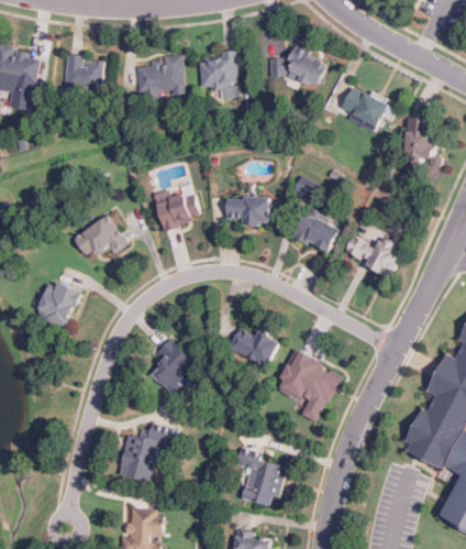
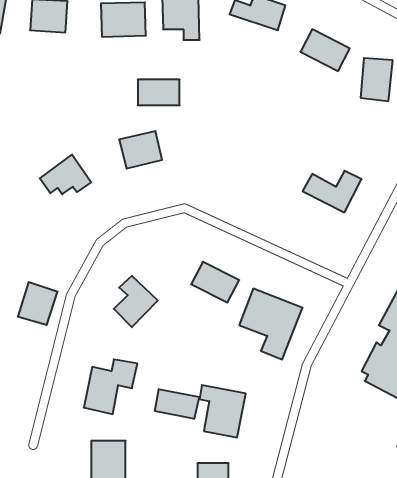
building: [225,197,268,223] -> [138,80,180,105]
building: [292,210,340,254] -> none
building: [37,282,78,326] -> [18,282,58,325]
building: none -> [155,389,199,419]

